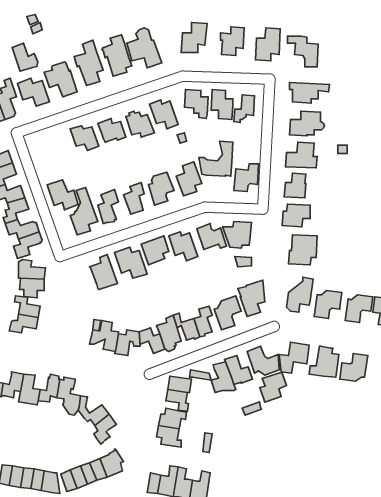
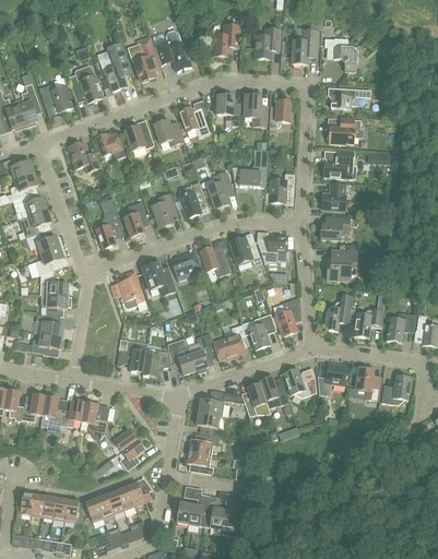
building: [12,43,38,71] -> none
building: [47,180,78,210] -> [67,141,99,173]
building: [260,372,287,402] -> none

